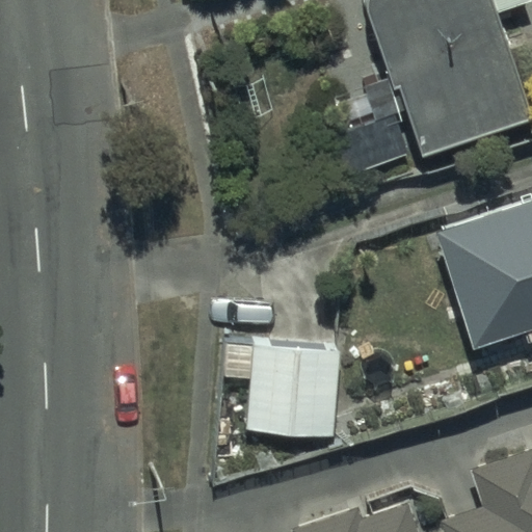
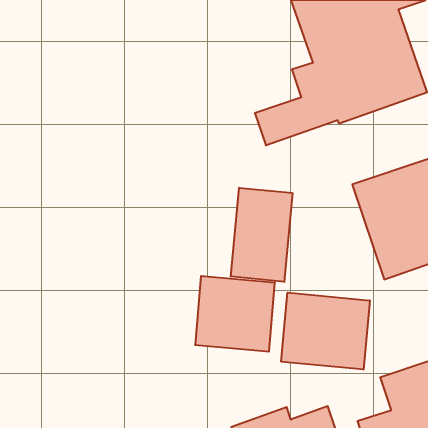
building: none -> [231,188,292,282]
building: none -> [281,293,370,370]

